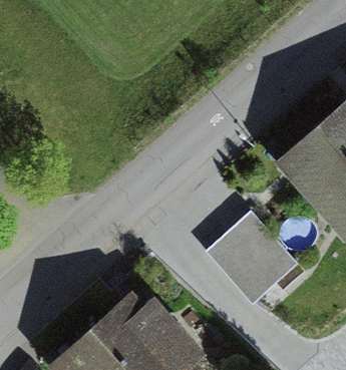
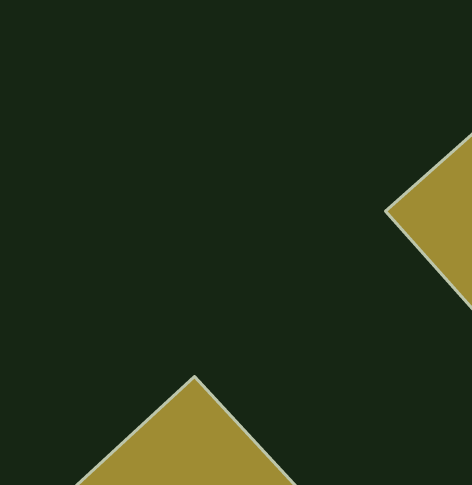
building: [203,204,304,305] -> none

